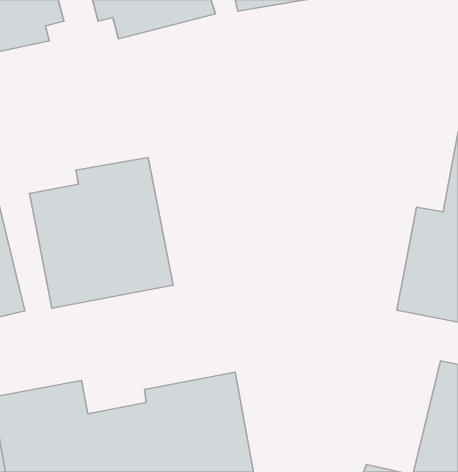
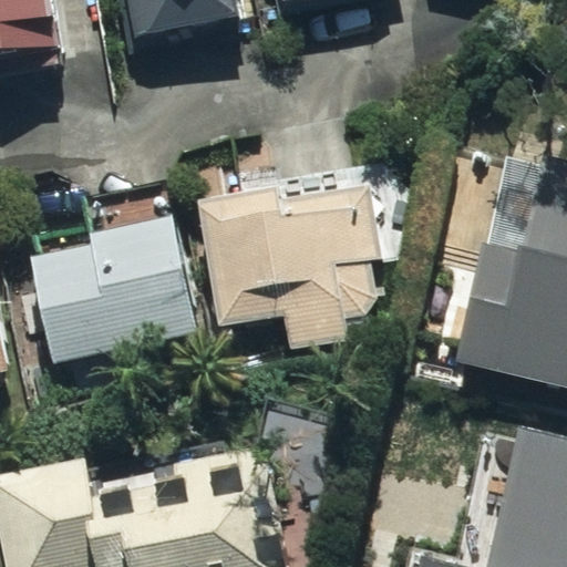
building: none -> [199,168,386,350]

